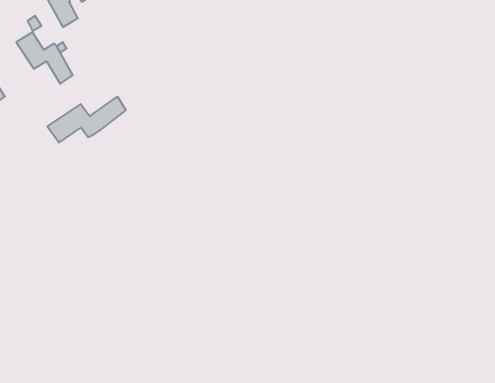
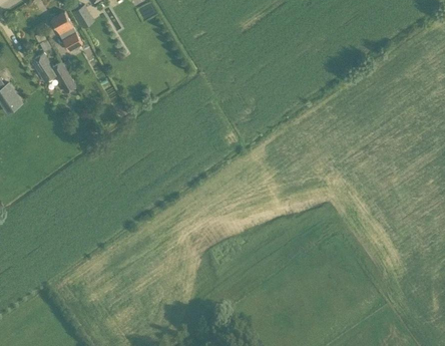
building: [47,97,126,143] -> none

